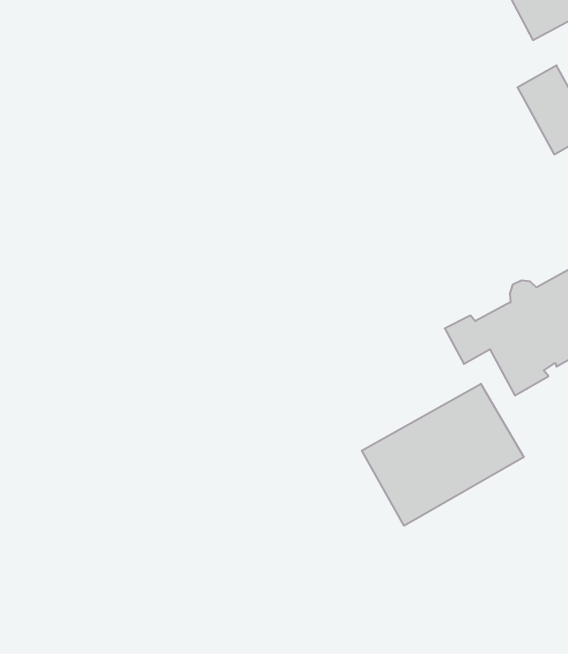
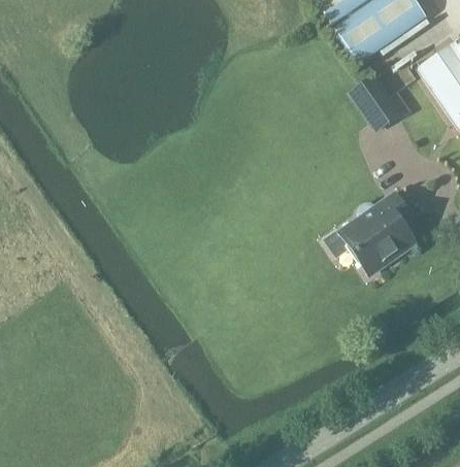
building: [362,384,524,526] -> none

